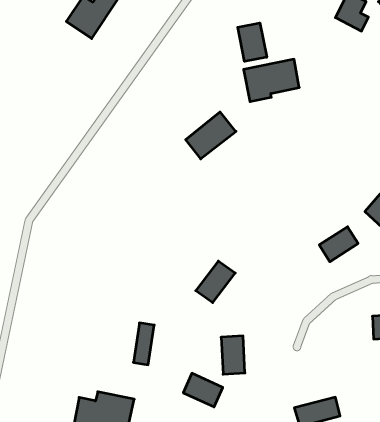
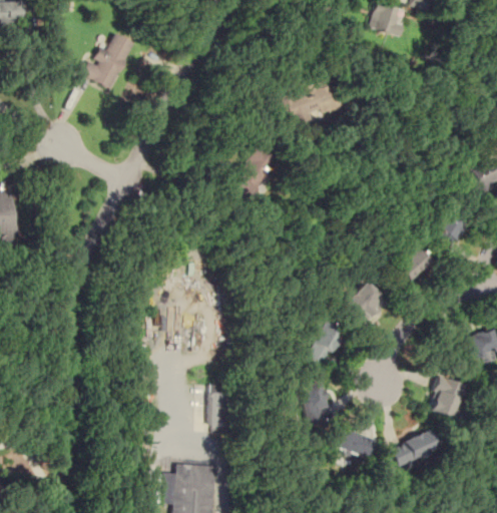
building: [238,23,267,61] -> none
building: none -> [345,282,389,326]
building: [196,261,235,303] -> [307,321,346,366]
building: none -> [432,377,466,418]
building: [183,373,223,407] -> [336,428,377,460]

